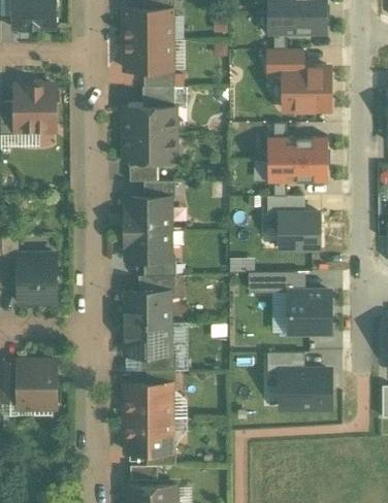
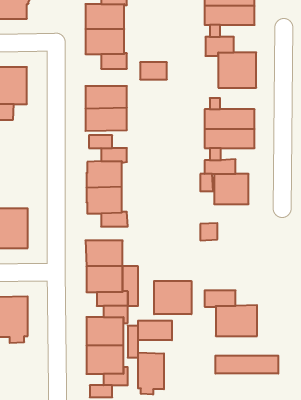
building: [141,88,173,108] -> [140,62,167,79]
building: [137,276,174,294] -> none
building: [288,292,329,333] -> none
building: none -> [154,281,191,314]
building: none -> [138,321,172,340]
building: none -> [138,353,164,395]
building: none -> [215,356,278,374]

